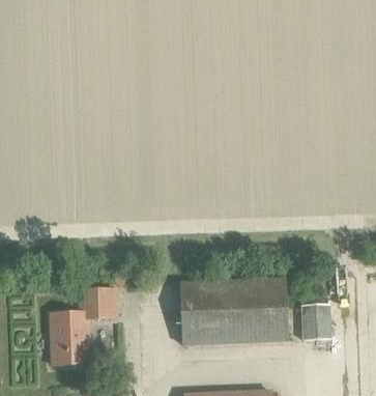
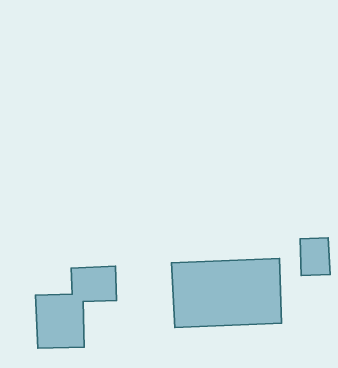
building: [301,304,330,340] -> [300,238,330,275]

